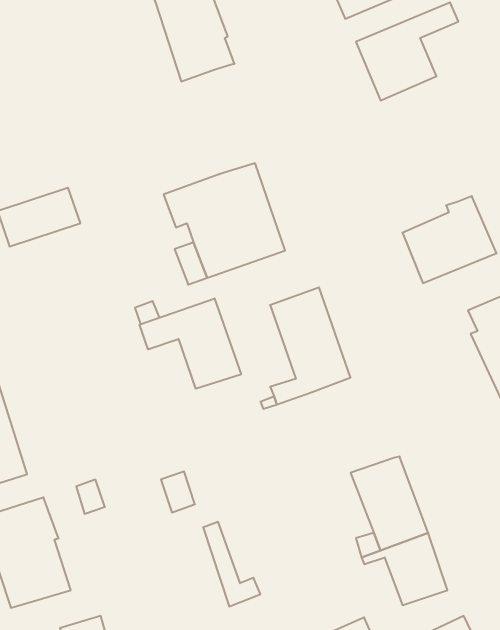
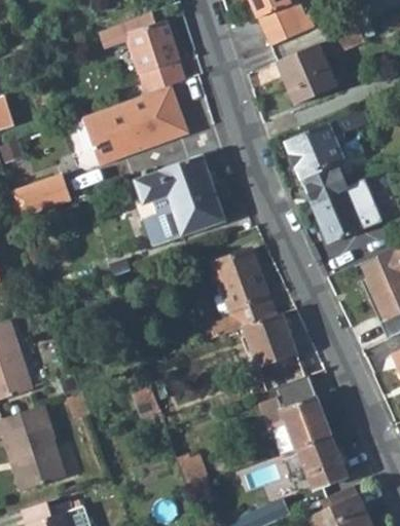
building: none -> [81,84,187,155]
building: none -> [285,111,370,208]
building: [140,298,241,389] -> none
building: none -> [244,312,306,391]

